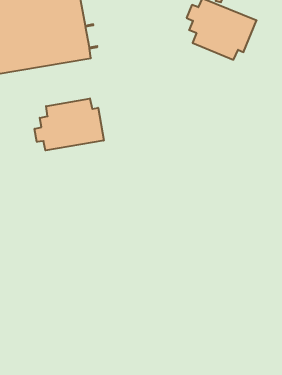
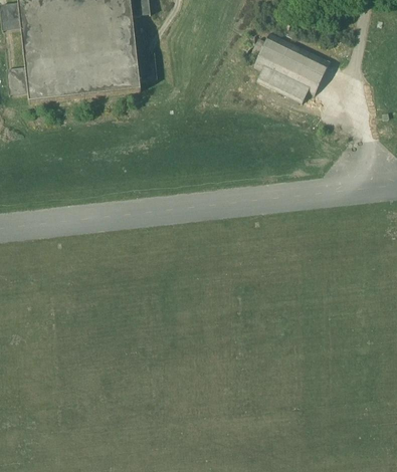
building: [35,98,104,150] -> none

